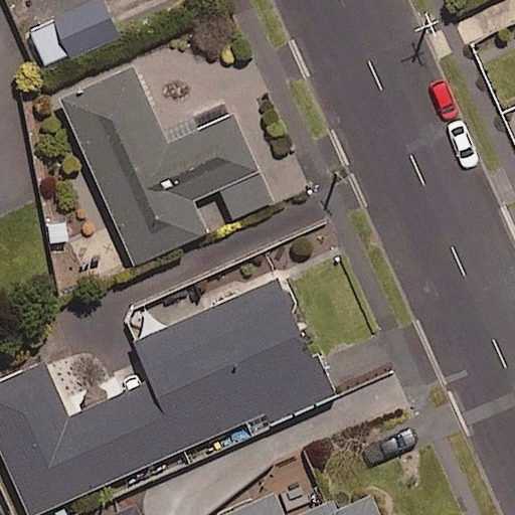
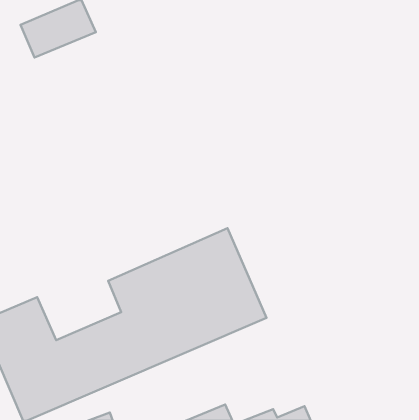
building: [59,67,261,267] -> none

